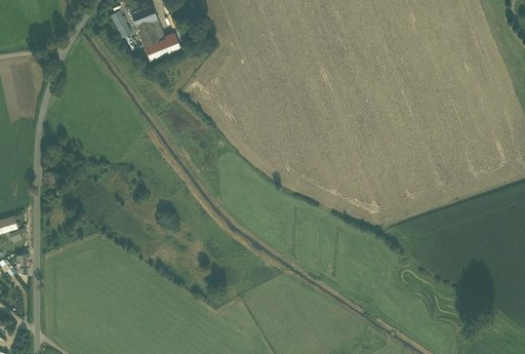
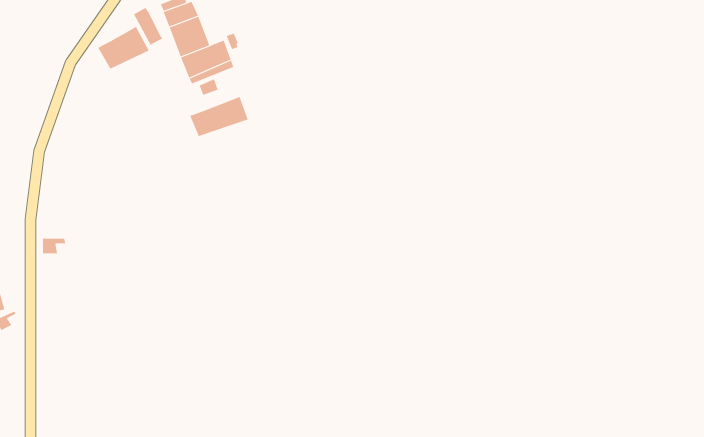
building: none -> [97,26,149,70]
building: none -> [190,96,249,137]

